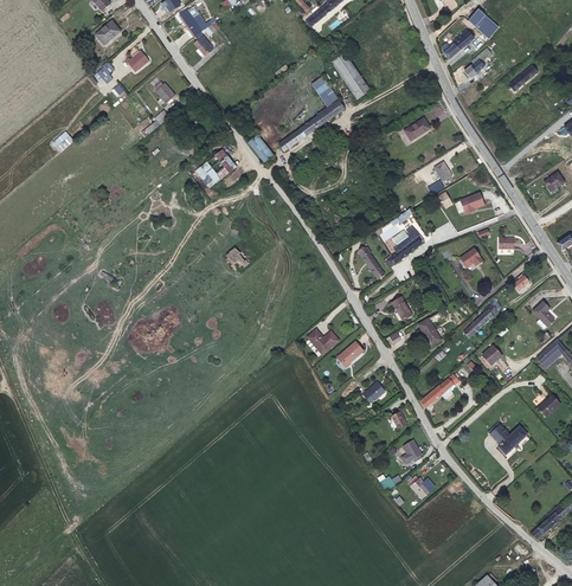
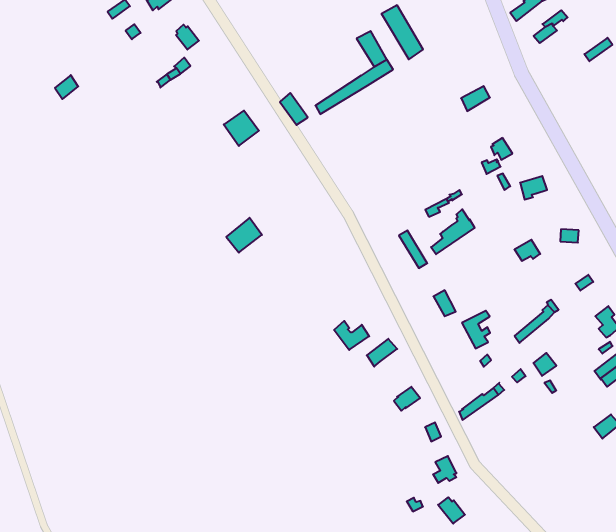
building: [490,424,527,455] -> none

